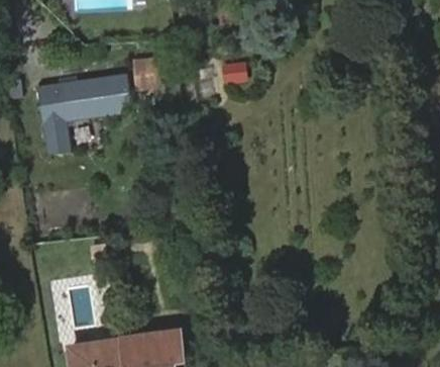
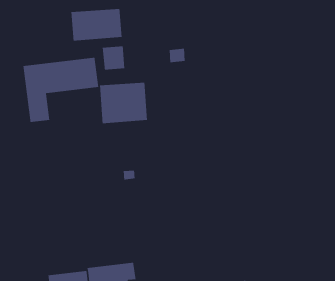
building: none -> [71,8,122,41]
building: none -> [99,82,148,124]

